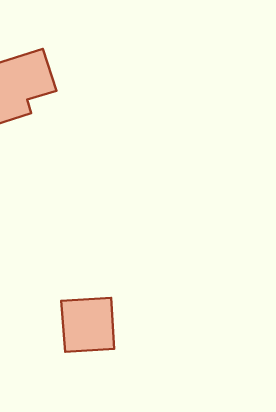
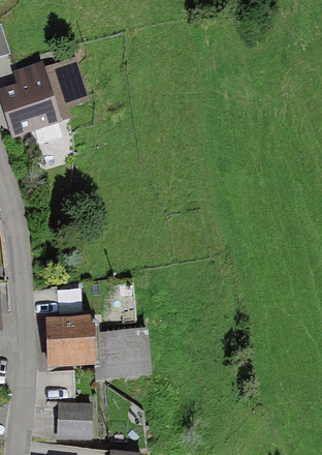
building: none -> [43,312,87,363]
building: none -> [55,403,89,434]

